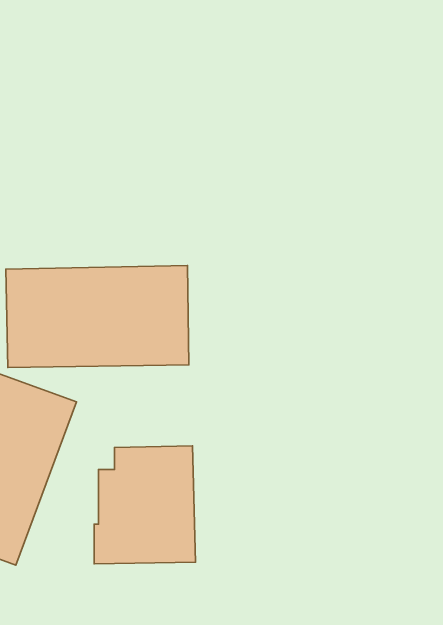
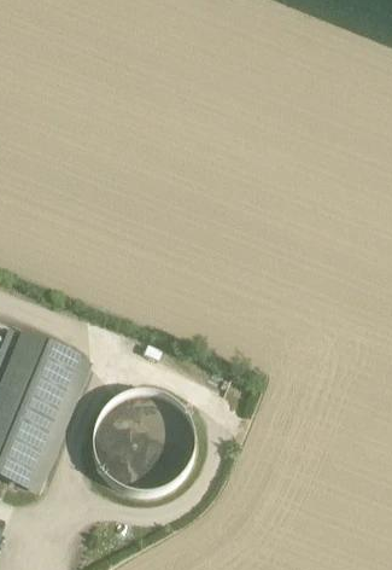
building: [6,265,189,367] -> none

